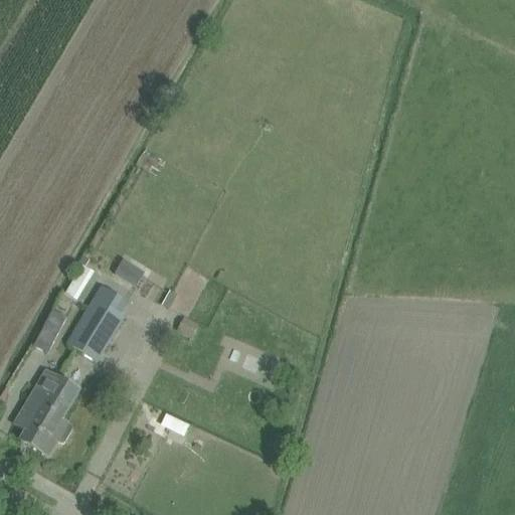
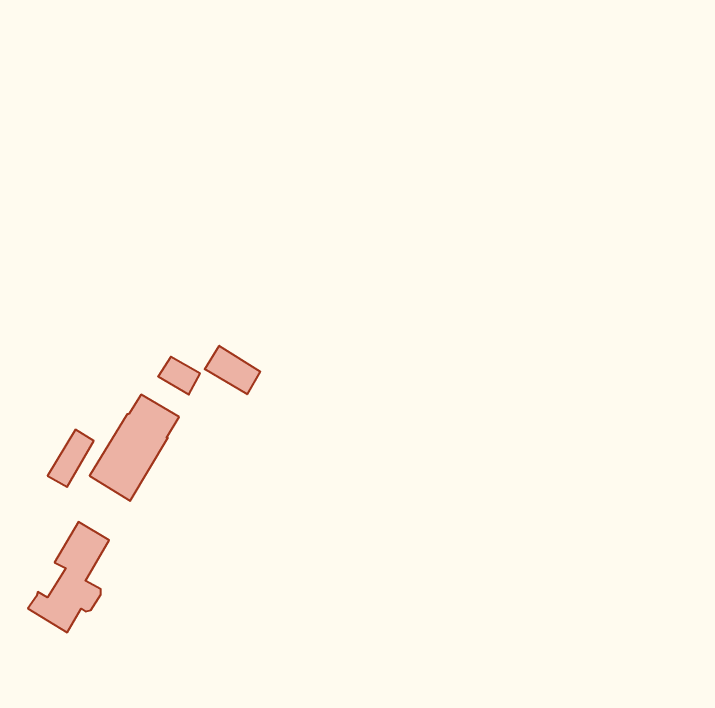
building: none -> [205,346,260,394]
building: [14,369,56,430] -> none

